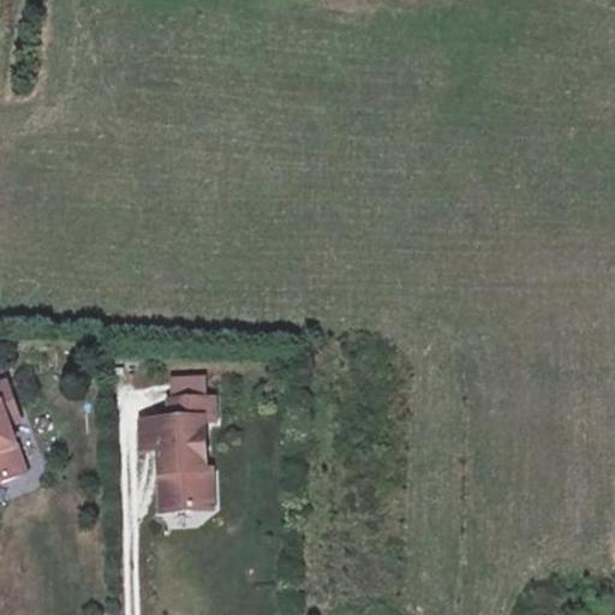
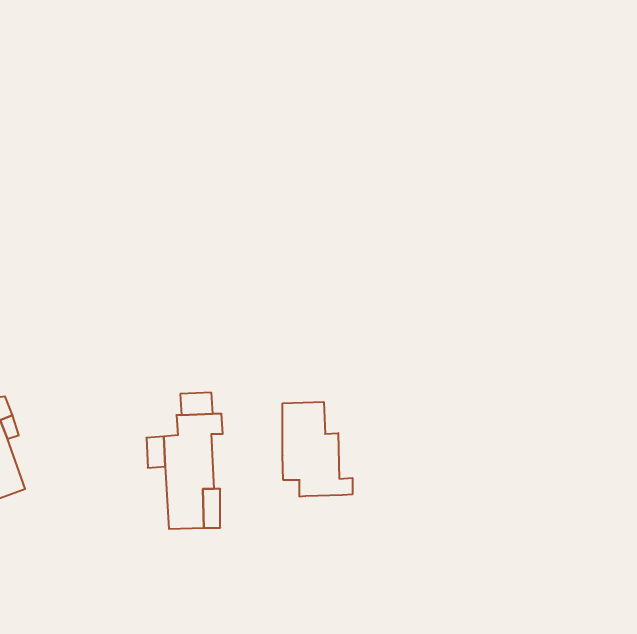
building: none -> [283,402,352,497]

